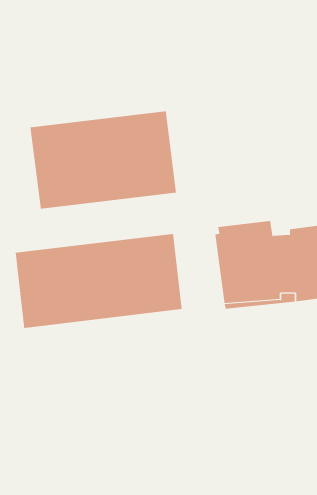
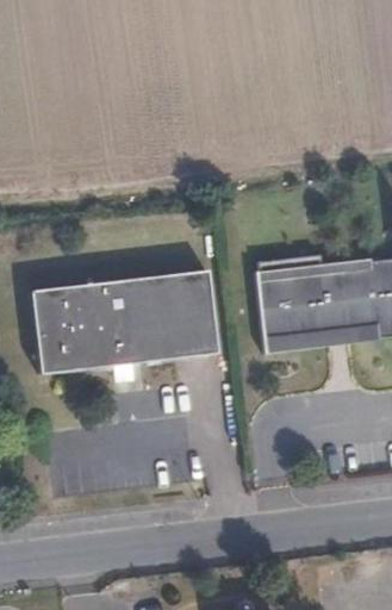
building: [30,110,177,210] -> none

